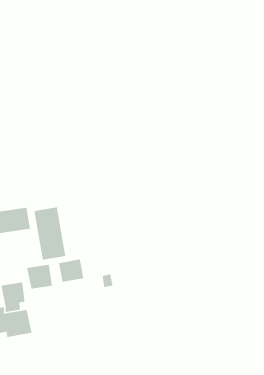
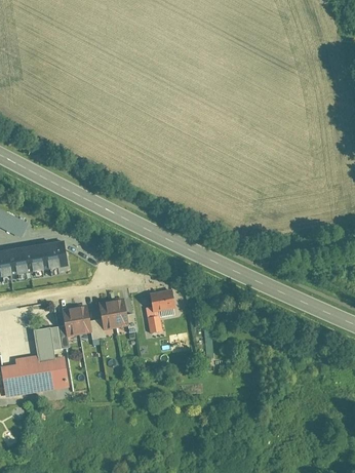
building: [33,206,66,260] -> none
building: none -> [150,291,175,312]

